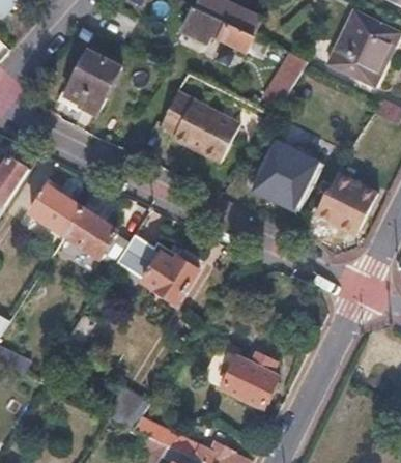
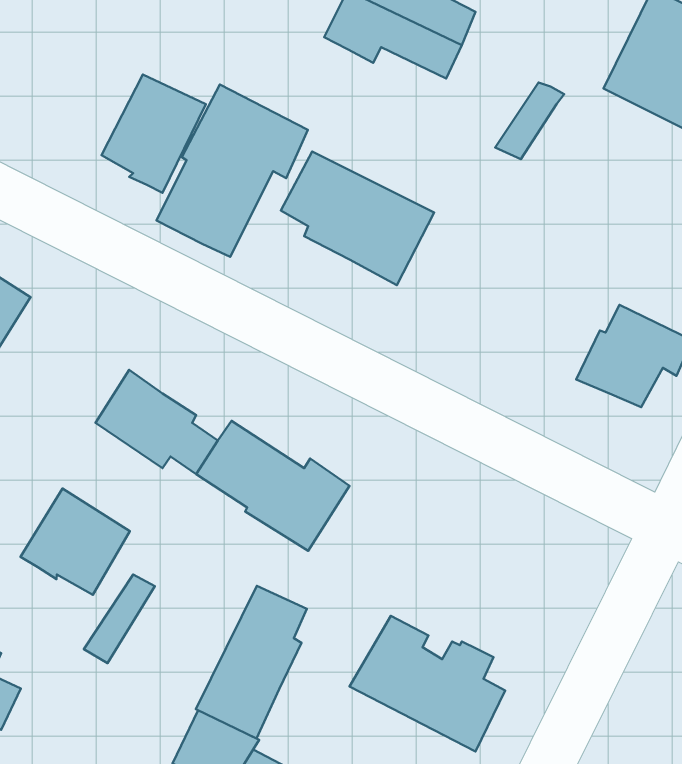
building: none -> [157,85,308,257]
building: [249,138,320,210] -> none
building: [29,185,80,235] -> none
building: none -> [21,489,130,595]
building: none -> [196,586,307,738]

